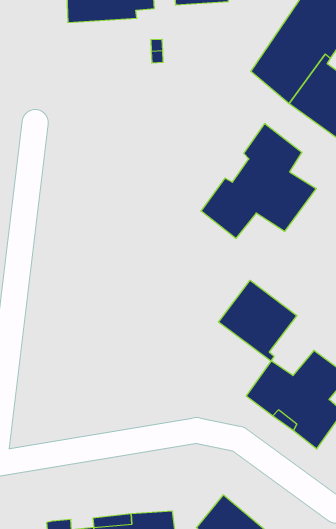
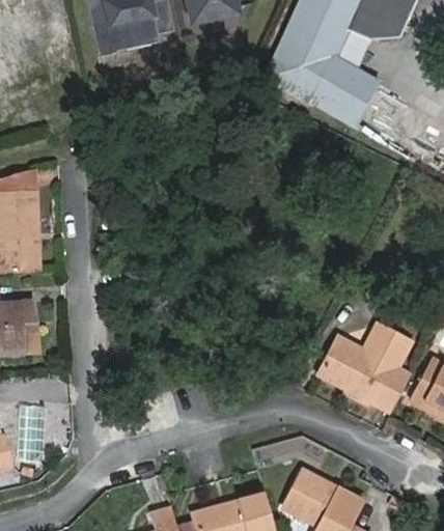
building: [201,123,316,238] -> none
building: [219,280,297,361] -> none

